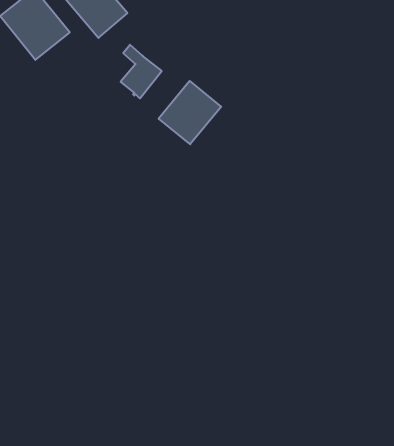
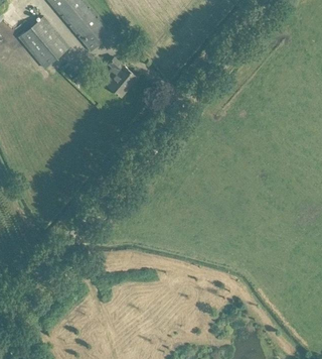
building: [159,81,221,144] -> none

